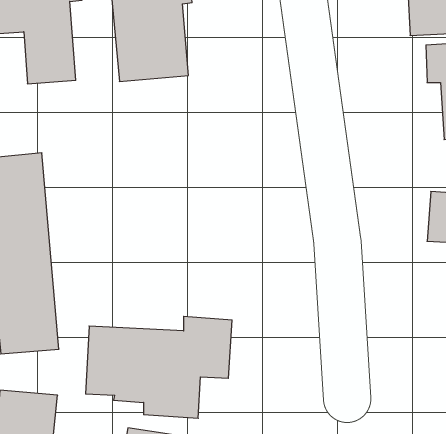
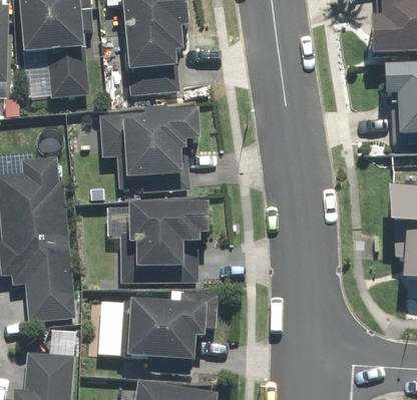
building: none -> [98,105,199,192]
building: none -> [107,203,207,281]

